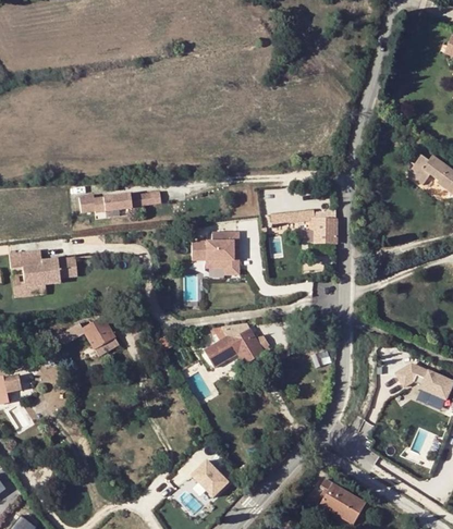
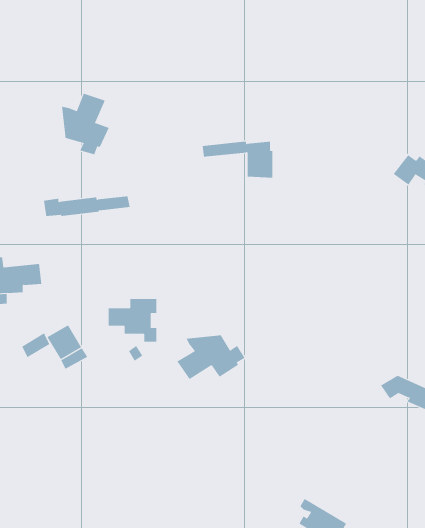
building: none -> [61,93,109,155]
building: [270,210,338,245] -> [202,141,273,178]
building: [192,232,238,273] -> [108,299,157,342]
building: [191,459,228,496] -> none

